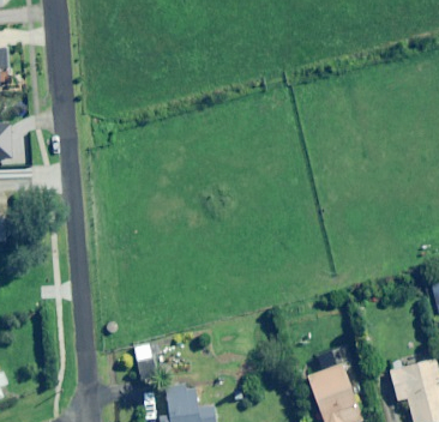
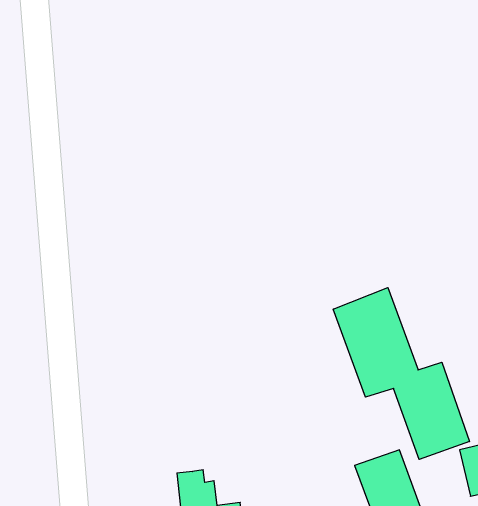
building: none -> [333,288,469,459]
building: [134,344,158,379] -> none

